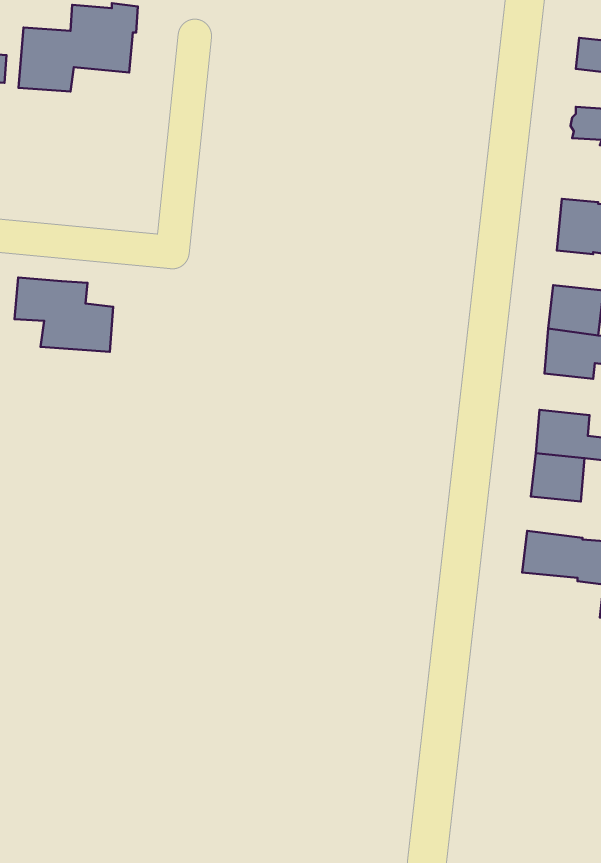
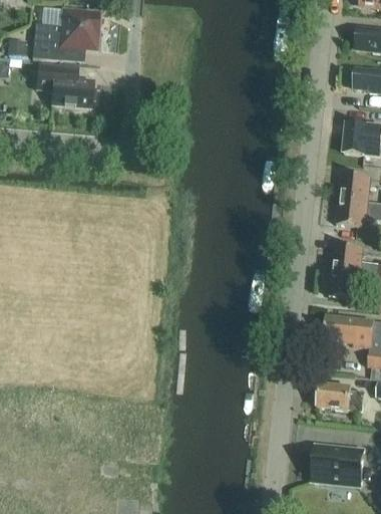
building: [15,278,113,352] -> [35,63,92,106]
building: none -> [316,382,363,409]
building: none -> [310,446,363,483]

